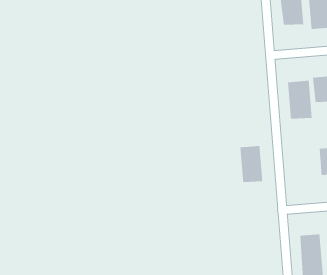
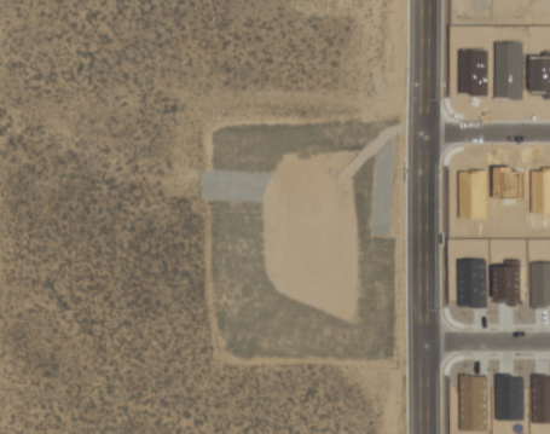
building: [240,146,263,182] -> [458,260,486,308]

